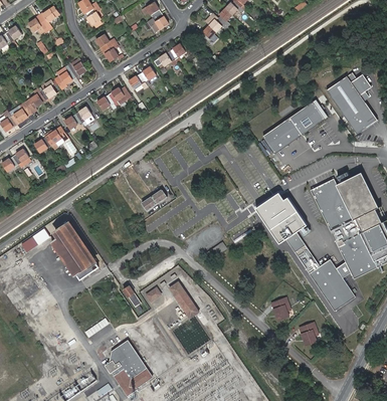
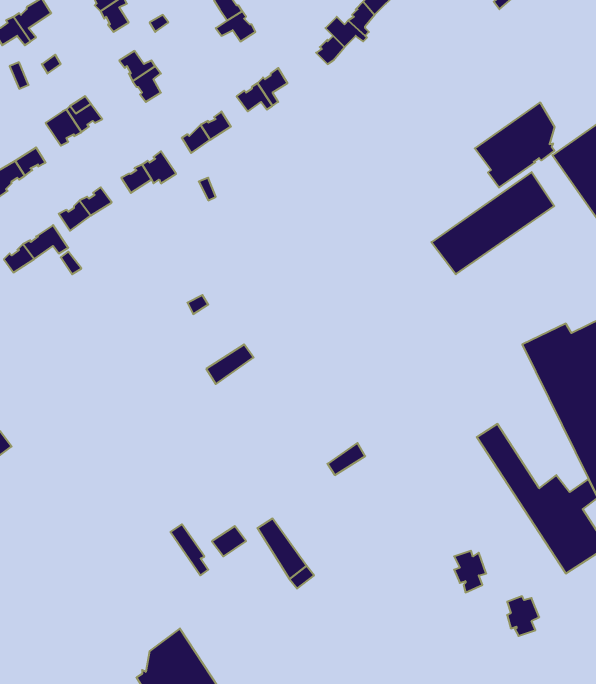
building: none -> [475,102,555,188]
building: [256,192,307,243] -> none
building: [51,222,100,281] -> none

